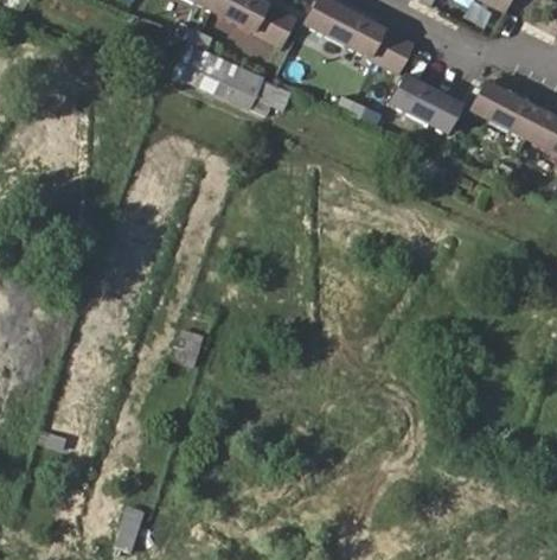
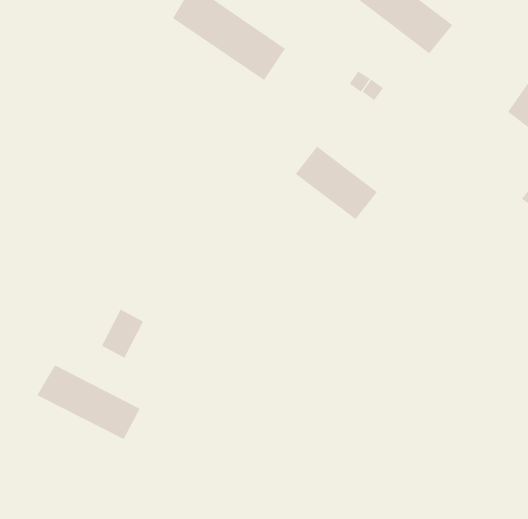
building: [386,76,457,132] -> [295,146,378,220]
building: none -> [37,364,140,440]

